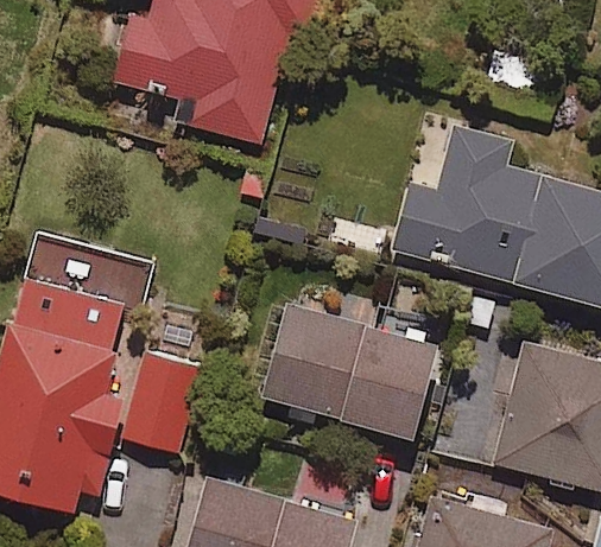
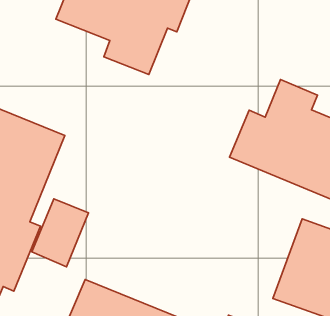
building: [258,299,448,441] -> none

